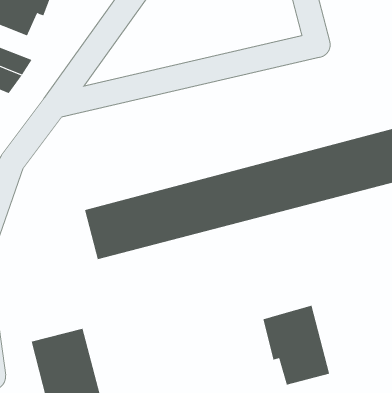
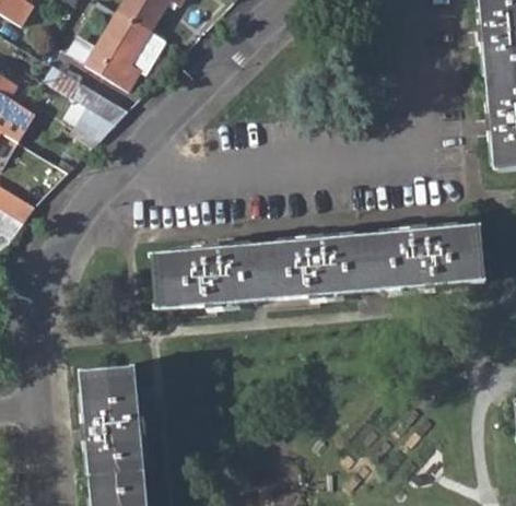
building: [263,305,330,385] -> none

